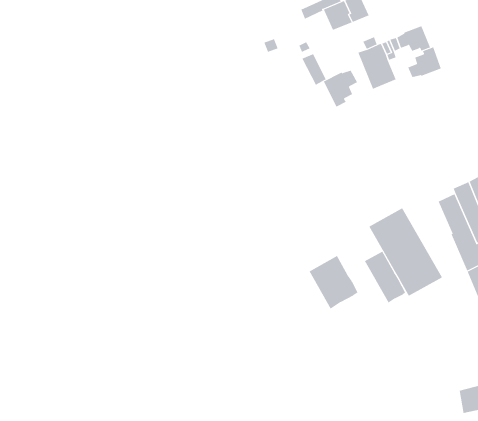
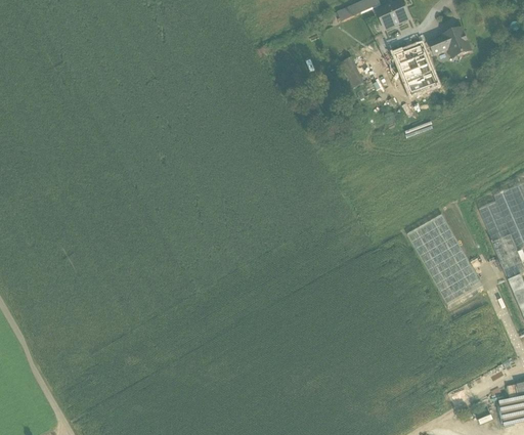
building: [408,47,442,78] -> none
building: [323,70,358,107] -> none
building: [364,251,406,304] -> none
building: [309,255,358,309] -> none

